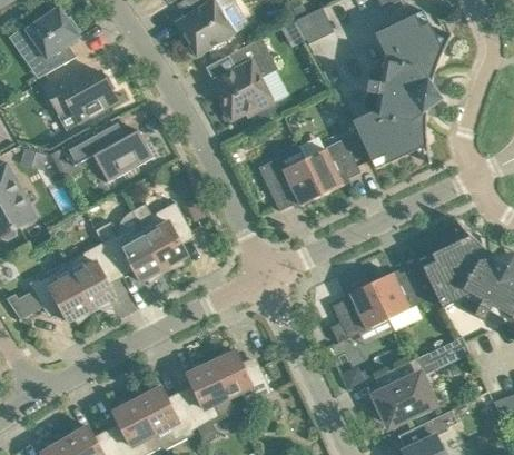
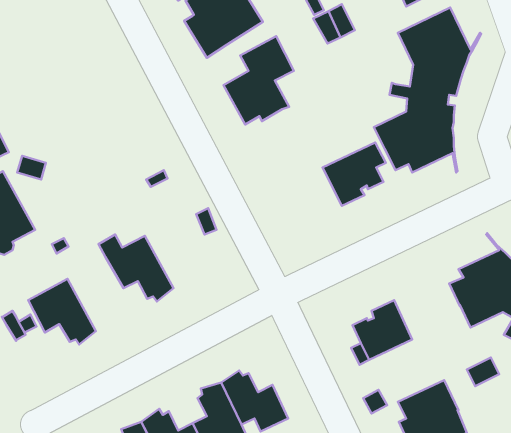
building: [24,8,79,75] -> none
building: [42,71,117,129] -> none
building: [62,116,154,182] -> none
building: [258,157,322,211] -> none
building: [131,201,191,271] -> none
building: [66,243,118,311] -> none
building: [370,267,428,319] -> none

